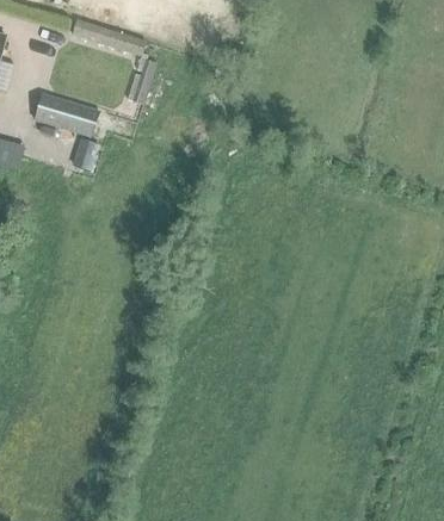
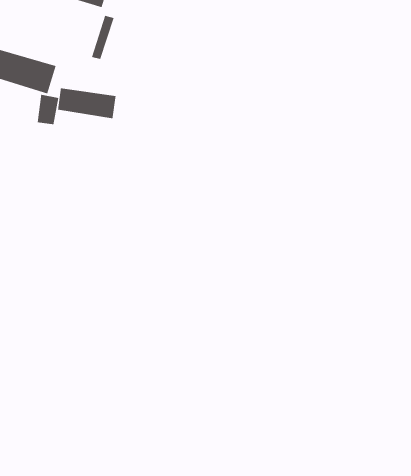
building: none -> [57,88,116,119]

